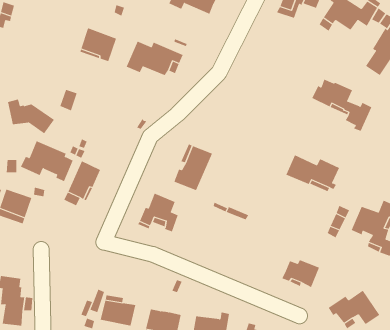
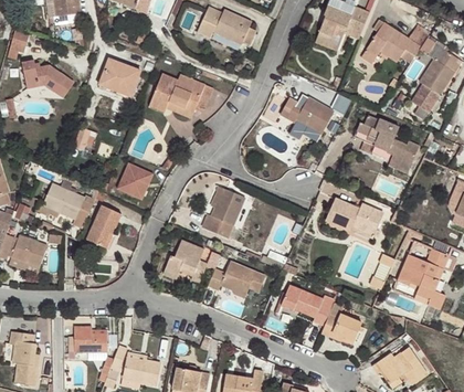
building: none -> [280,96,334,133]
building: [7,99,55,134] -> [22,60,74,98]
building: none -> [117,162,154,199]
building: none -> [208,261,266,295]
building: none -> [281,284,336,327]
building: none -> [74,326,108,352]

